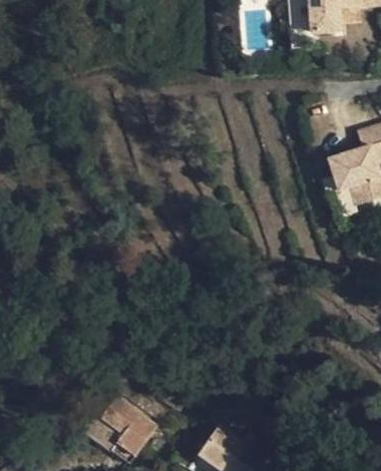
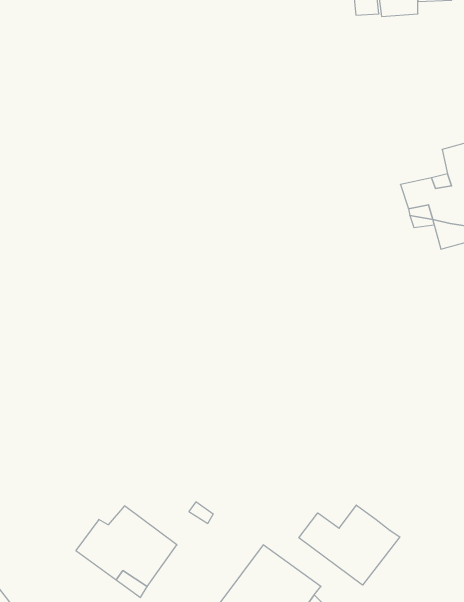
building: none -> [299,505,400,585]

